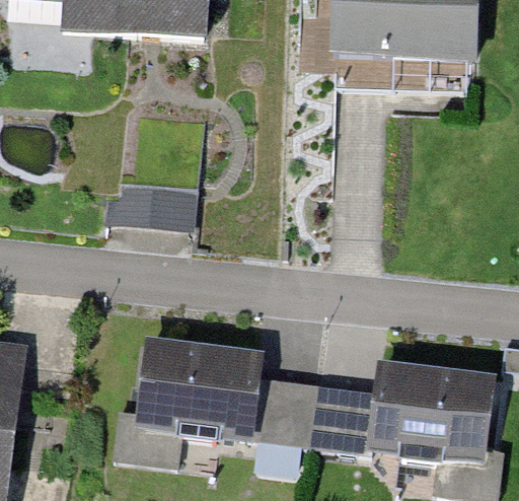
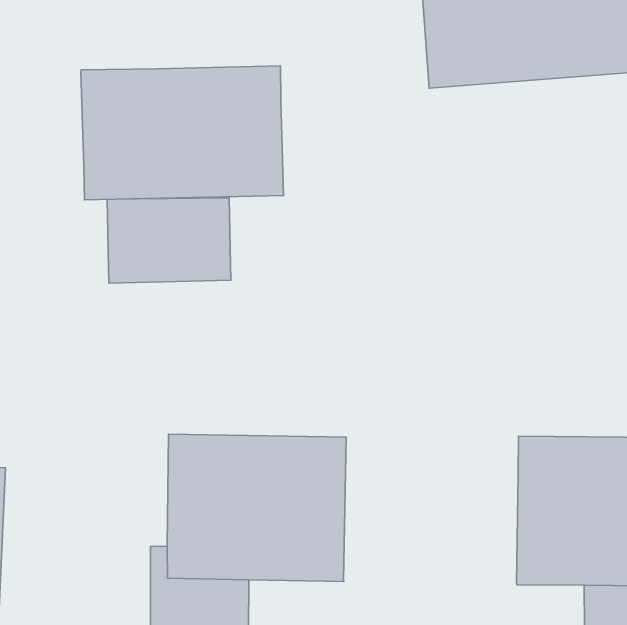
building: none -> [81,66,284,200]
building: [244,372,368,457] -> none

